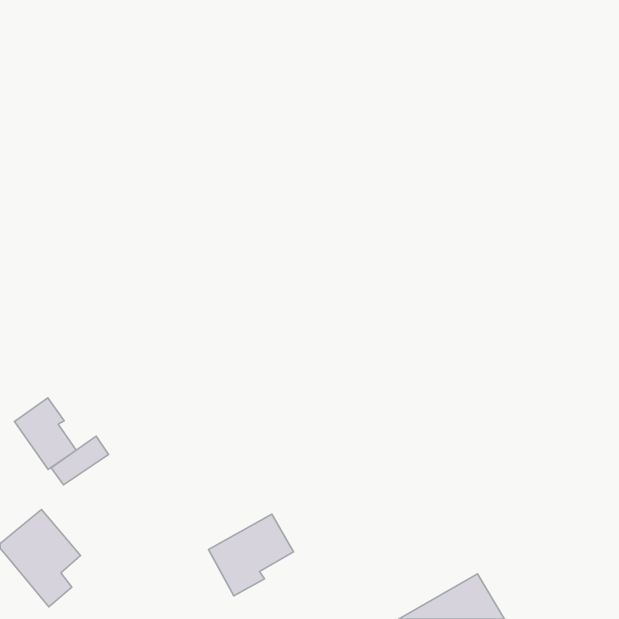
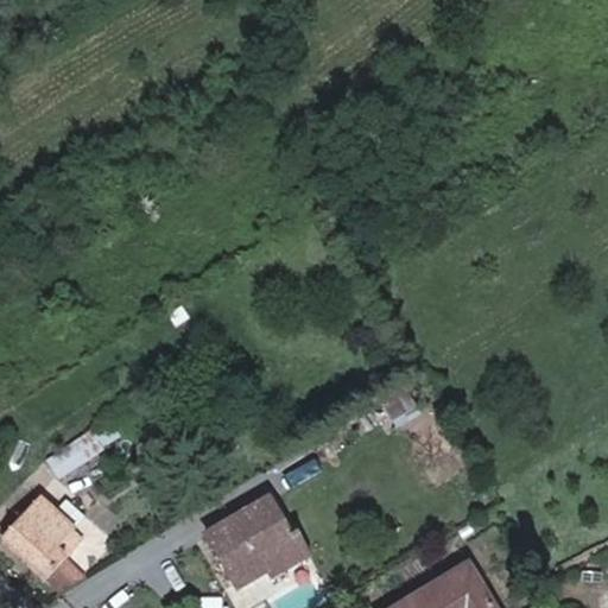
building: [14,398,76,469] -> none
building: none -> [232,533,310,587]

